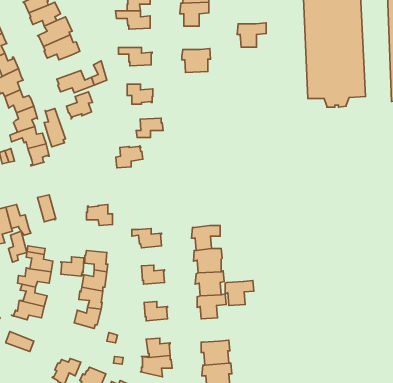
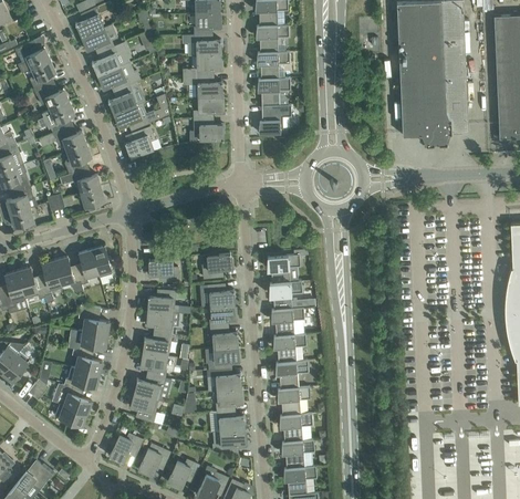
building: [237,23,266,47] -> [257,51,290,79]
building: none -> [185,54,222,76]
building: none -> [108,82,146,113]
building: none -> [259,104,291,133]
building: [44,108,65,147] -> none
building: [136,118,163,137] -> [194,96,225,118]
building: [116,146,143,168] -> [202,252,233,278]
building: none -> [267,254,301,283]
building: [9,231,27,262] -> [77,249,98,284]
building: none -> [210,304,237,328]
building: [61,257,84,276] -> [148,290,175,312]
building: [225,280,254,305] -> [278,386,311,415]
building: none -> [209,346,240,370]
building: none -> [60,384,92,414]
building: none -> [217,388,243,412]
building: none -> [129,393,157,422]

